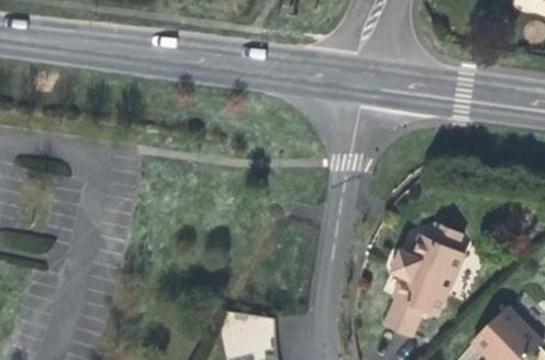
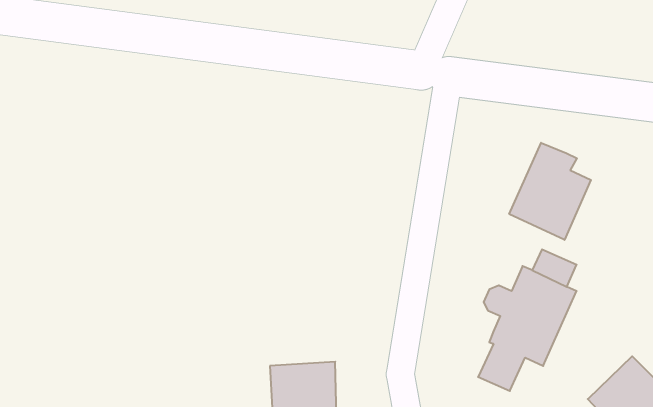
building: none -> [509,143,591,240]

